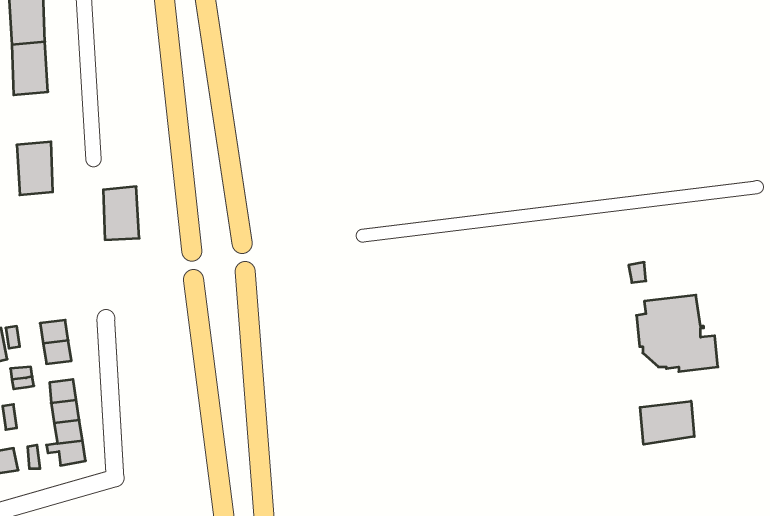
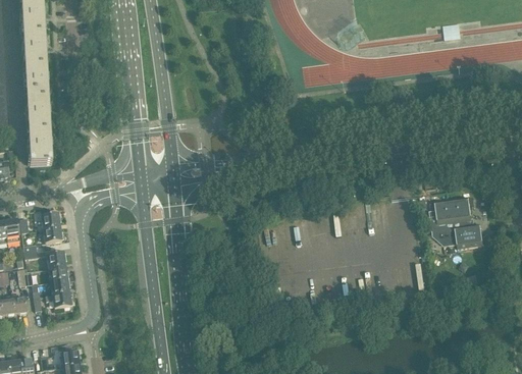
building: none -> [24,64,49,99]
building: [103,187,139,240] -> [29,129,52,164]
building: [640,401,694,444] -> none

